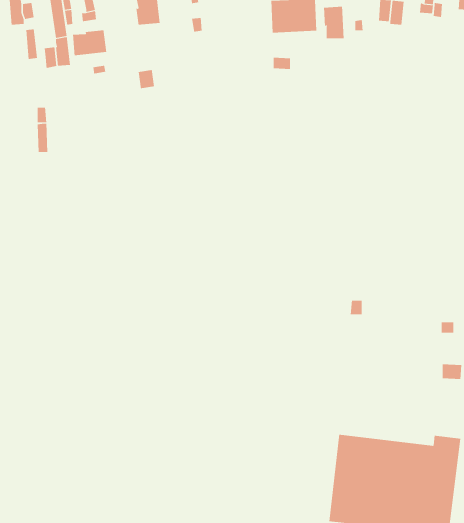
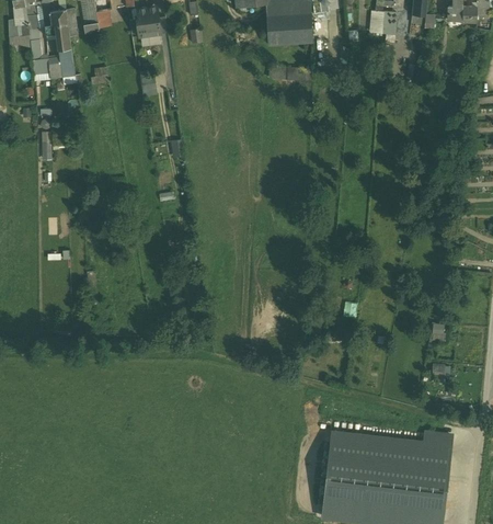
building: [324,6,344,39] -> none
building: [73,29,107,56] -> none

